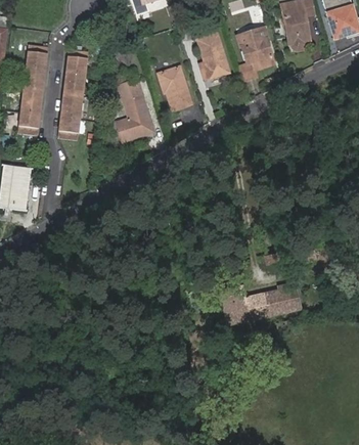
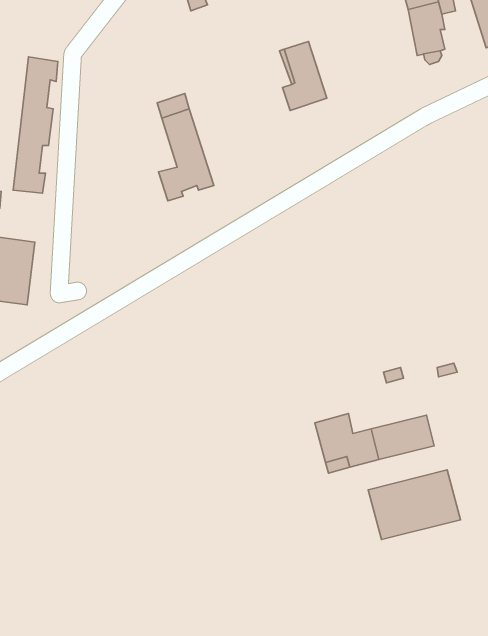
building: [238,28,274,70] -> none
building: [58,50,89,141] -> none
building: [158,66,192,110] -> none
building: none -> [368,470,460,540]

